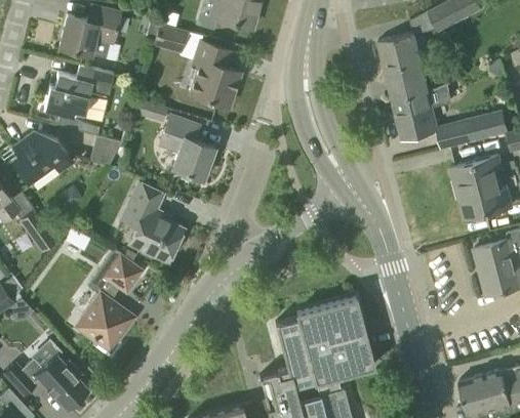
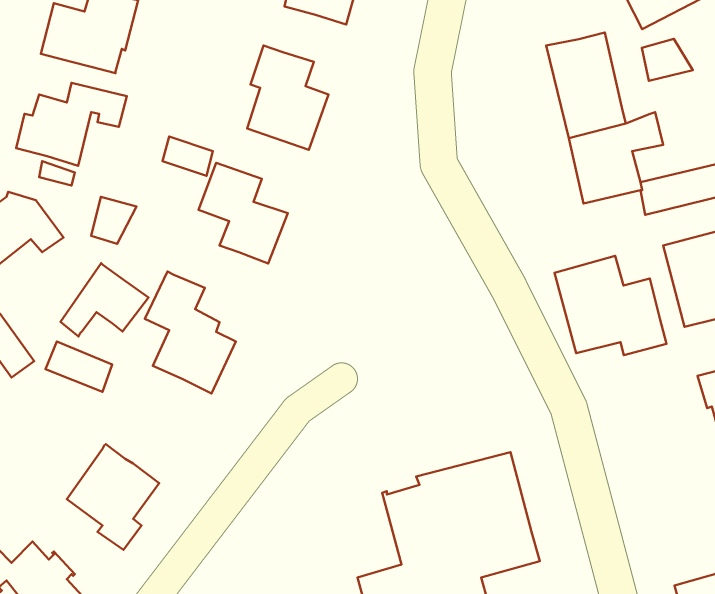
building: [154,26,187,53] -> none
building: none -> [642,39,693,81]
building: none -> [555,256,666,355]
building: [87,250,143,296] -> [61,263,148,336]

